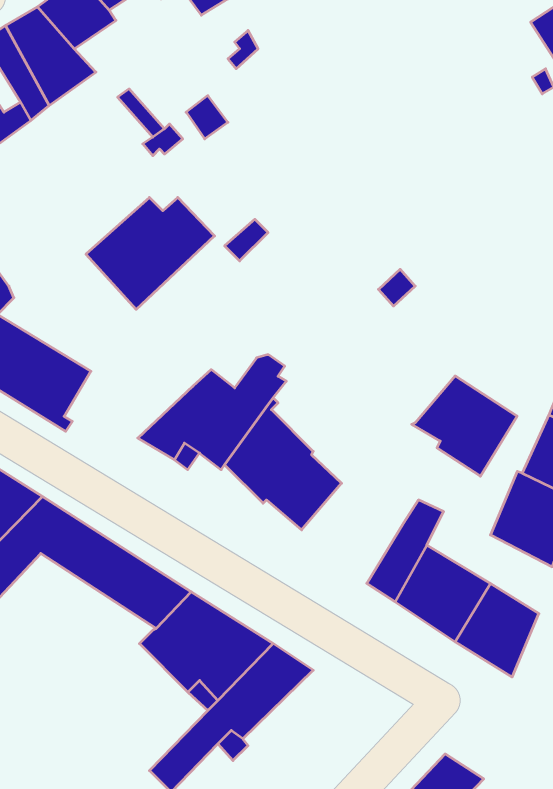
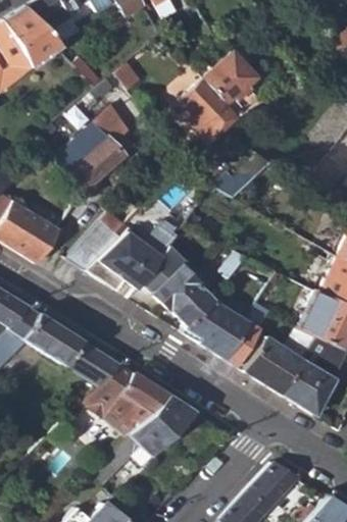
building: none -> [181,51,257,137]
building: none -> [66,208,126,269]
building: [412,376,517,476] -> [185,297,249,358]

